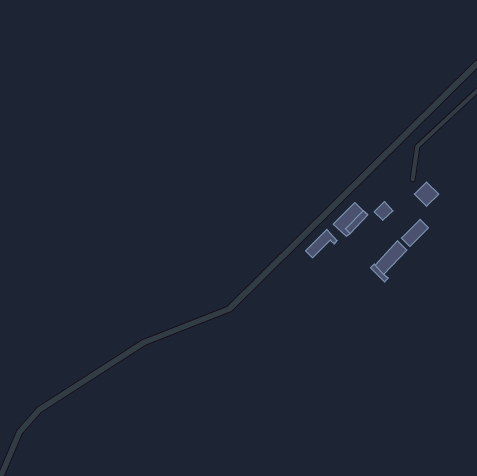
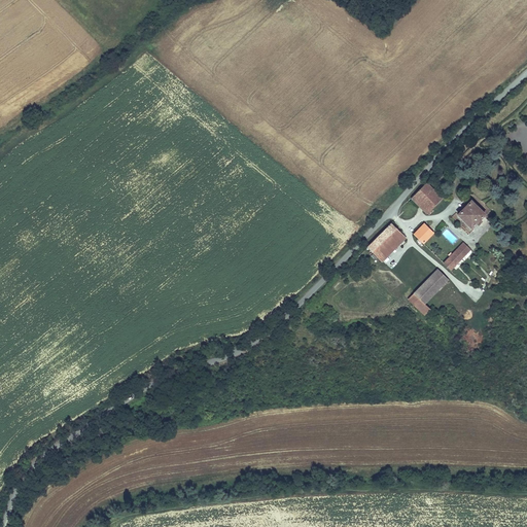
building: none -> [412,182,443,214]
building: [306,229,337,258] -> none

